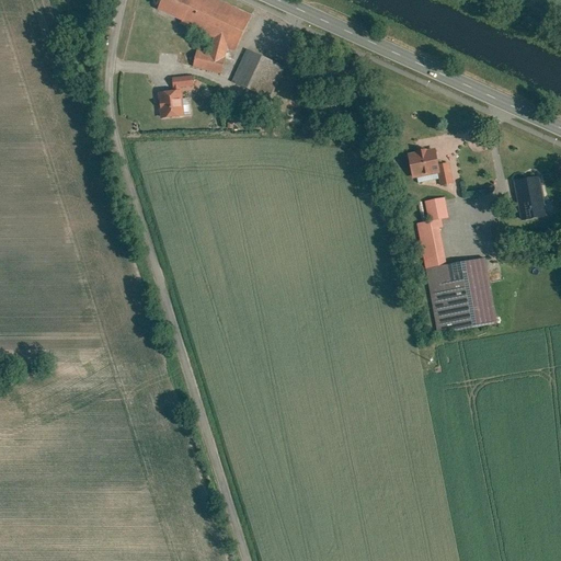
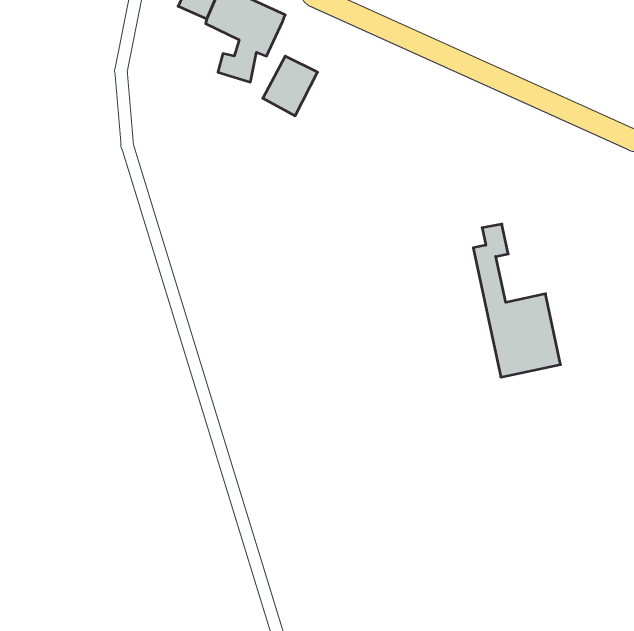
building: [158,77,193,119] -> none
building: [412,149,453,187] -> none
building: [517,175,539,214] -> none

